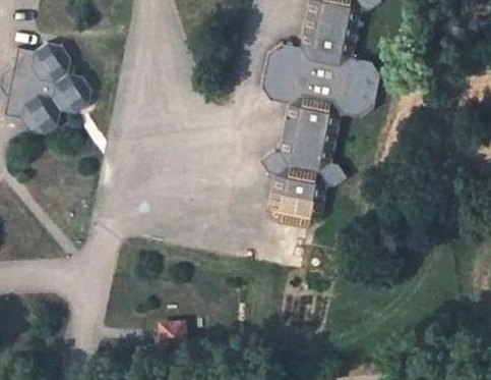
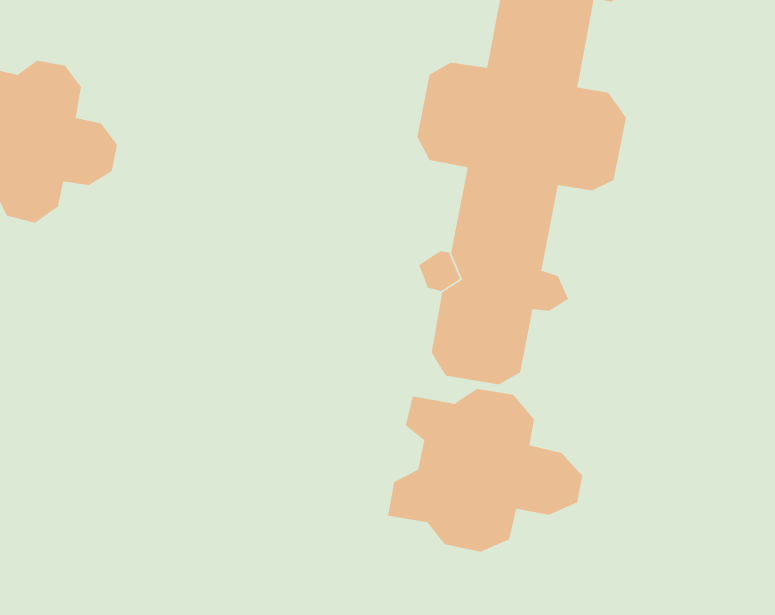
building: none -> [387,388,583,553]

